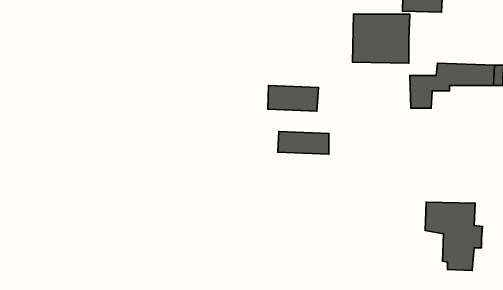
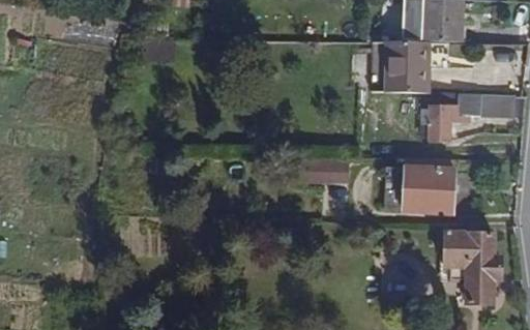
building: [268,86,318,111] -> none
building: none -> [385,160,453,213]

